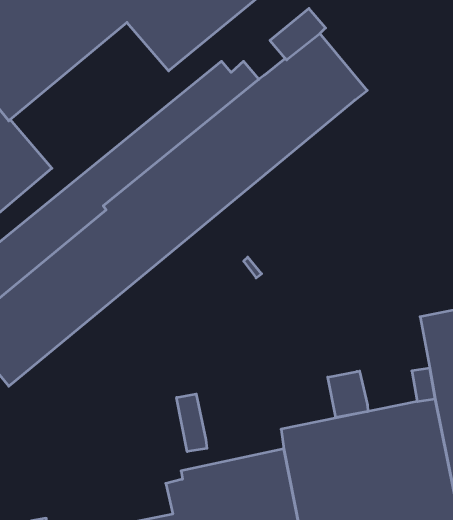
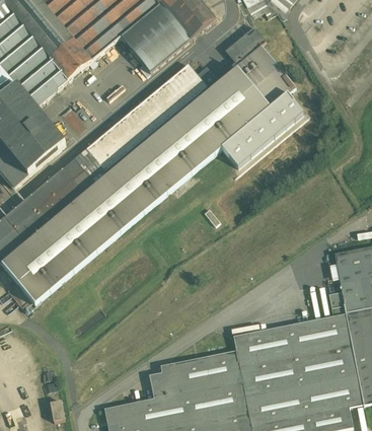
building: none -> [222,95,303,169]
building: [328,371,368,418] -> none
building: [177,394,207,452] -> none

